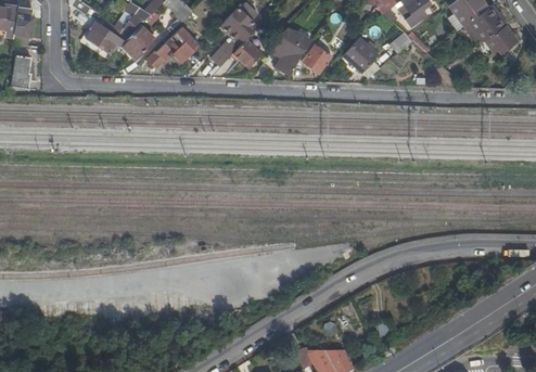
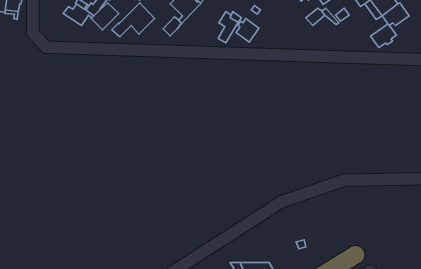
building: [343,37,378,72] -> none
building: [232,38,261,67] -> none
building: none -> [371,24,396,48]
building: [12,54,31,88] -> none

